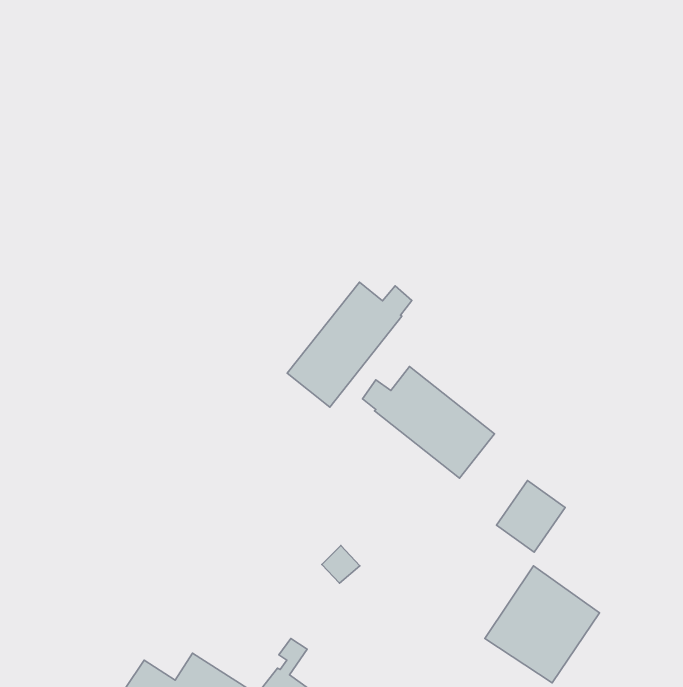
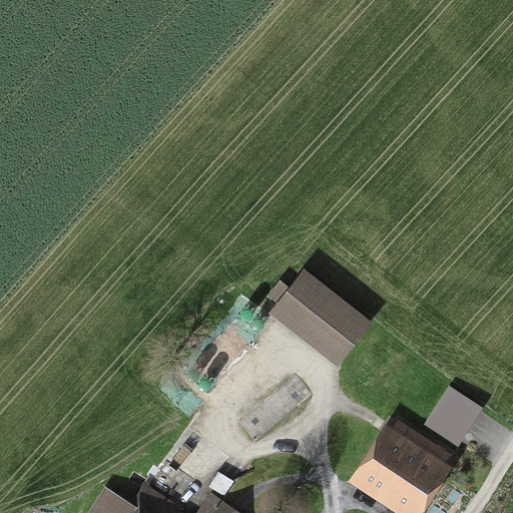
building: [287,282,412,407] -> none
building: [496,481,565,552] -> [425,393,476,446]

